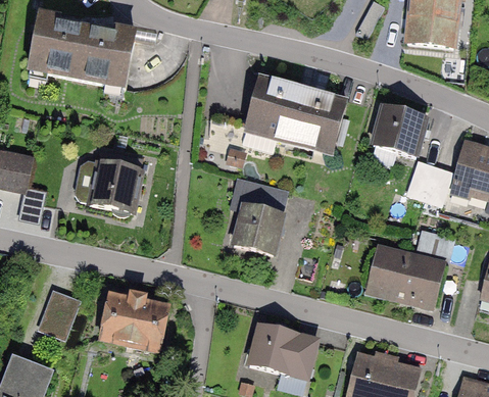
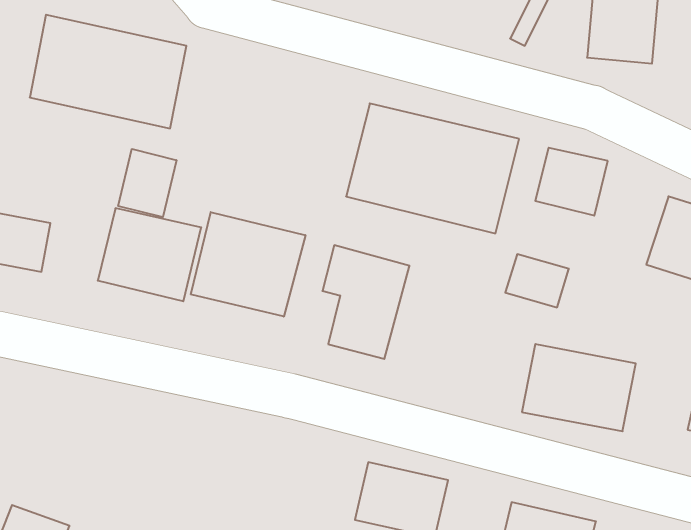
building: none -> [118,149,176,217]
building: none -> [191,212,305,317]
building: [410,162,454,199] -> [505,254,569,307]
building: [37,288,77,337] -> none
building: [100,293,166,351] -> none

